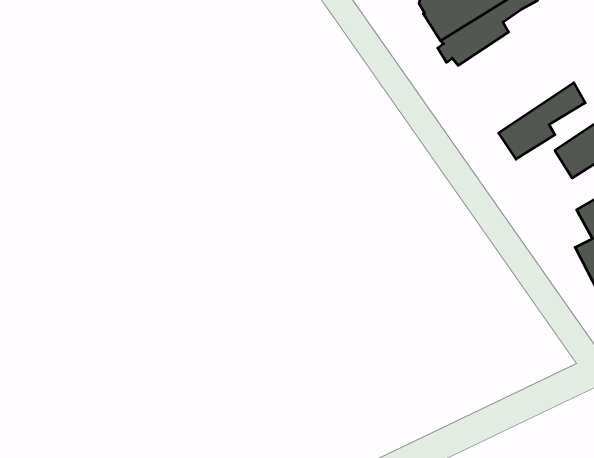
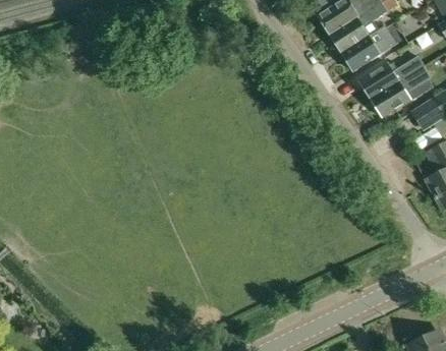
building: none -> [343,28,397,71]
building: none -> [360,56,425,100]

